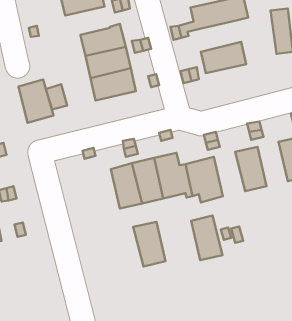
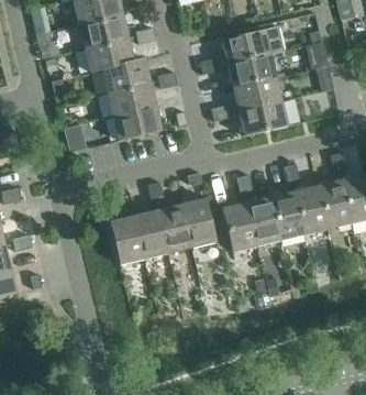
building: none -> [85,37,133,72]
building: none -> [226,53,276,87]
building: none -> [237,100,287,135]
building: [18,80,54,123] -> none
building: none -> [293,185,326,233]
building: [191,216,222,260] -> [246,196,280,244]
building: [133,222,166,266] -> [109,215,144,263]

